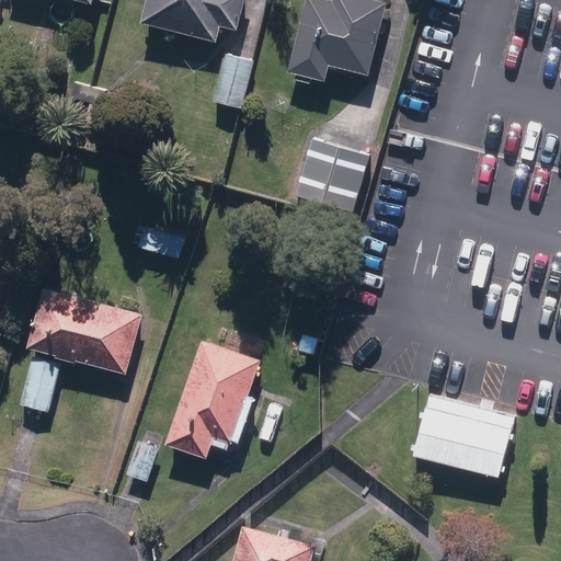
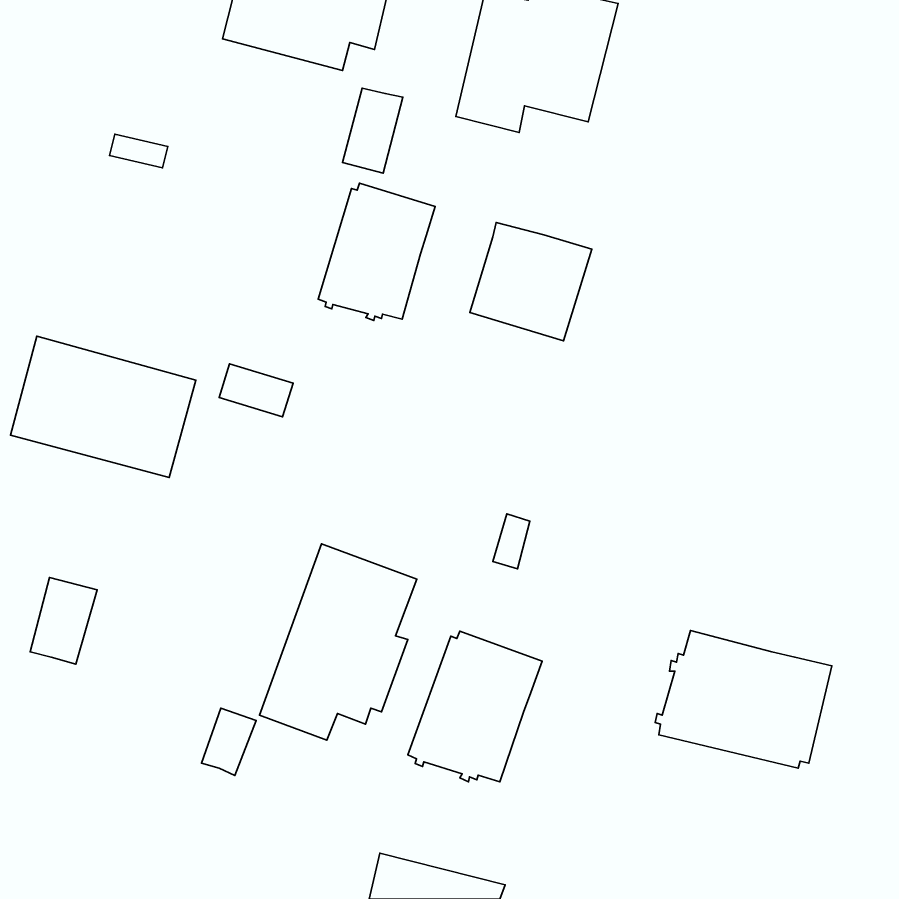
building: none -> [318,183,435,320]
building: [25,288,140,376] -> [10,336,196,477]
building: none -> [408,631,542,782]

